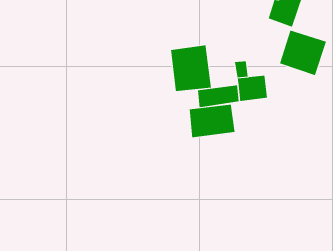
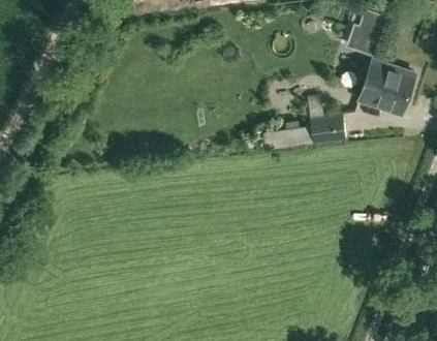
building: [171,45,212,92] -> none
building: [189,104,235,138] -> none

